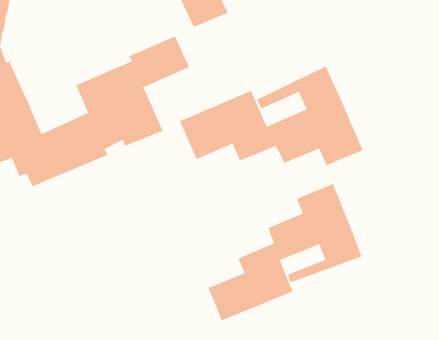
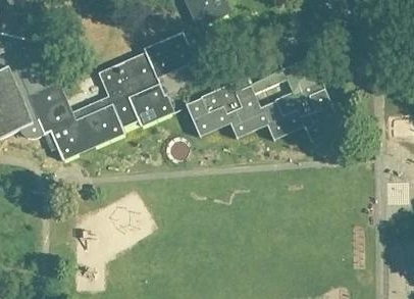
building: [208,183,362,321] -> none

